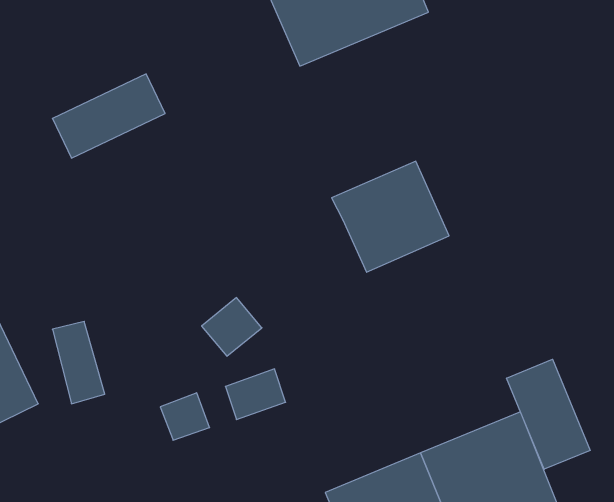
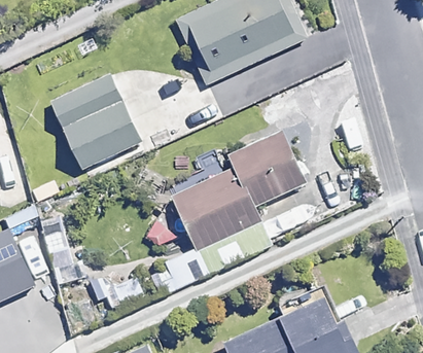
building: none -> [58,98,138,167]
building: none -> [165,167,254,244]
building: [507,359,590,469] -> none

